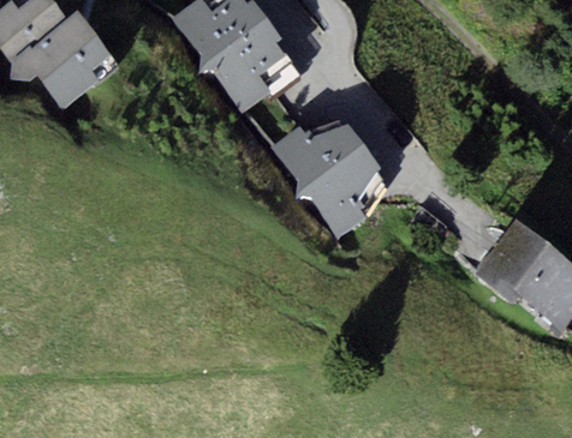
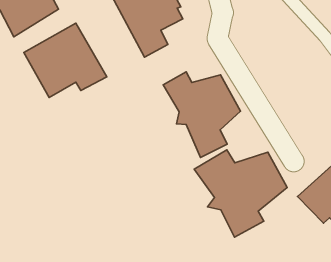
building: none -> [24,23,107,97]
building: none -> [194,150,287,237]

